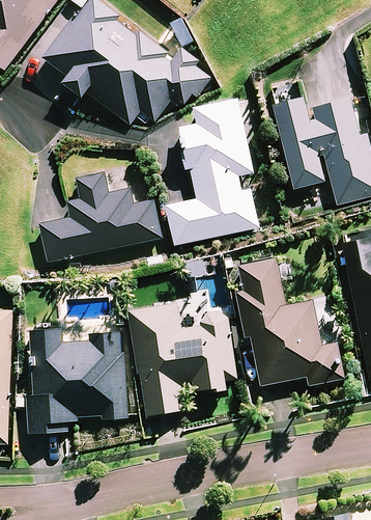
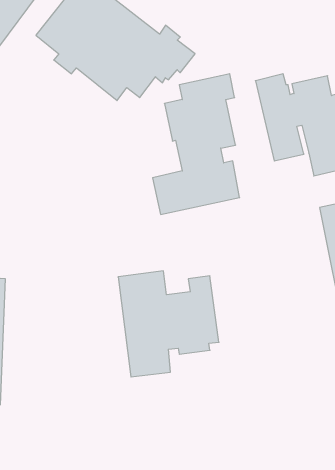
building: [41,171,161,262] -> none
building: [237,258,342,385] -> none
building: [28,330,126,433] -> none

